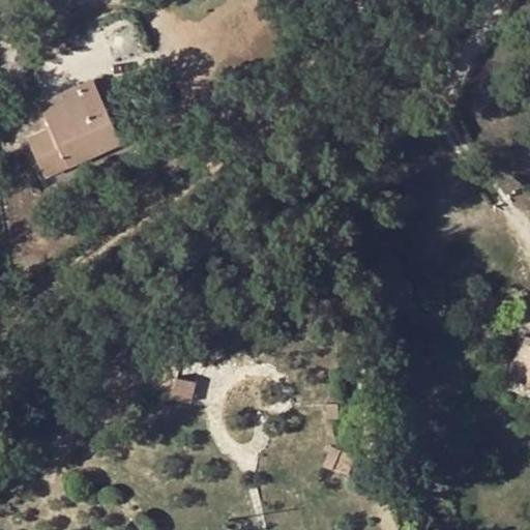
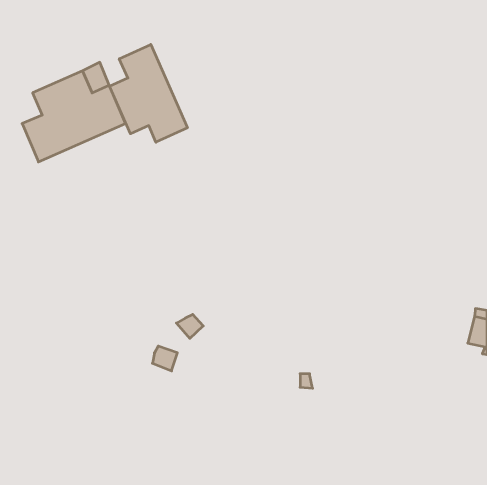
building: none -> [110,44,187,142]

